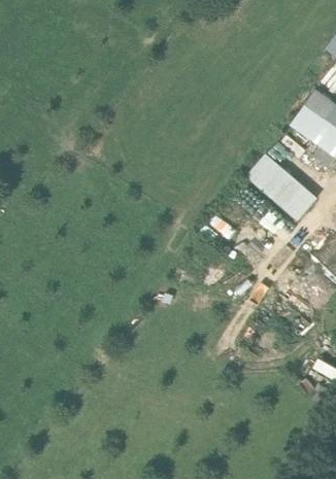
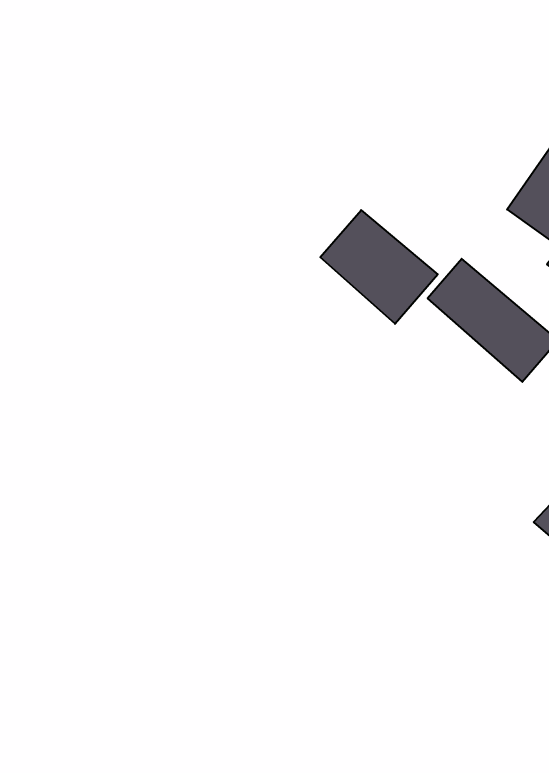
building: none -> [320,210,438,324]

